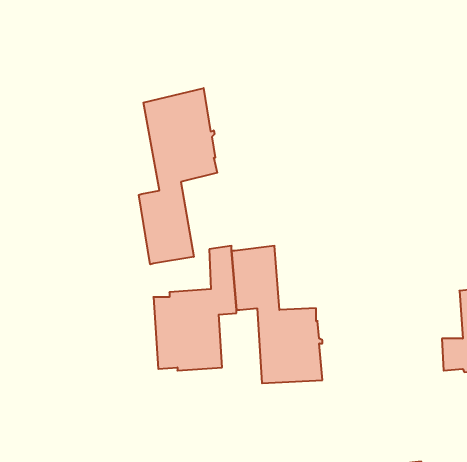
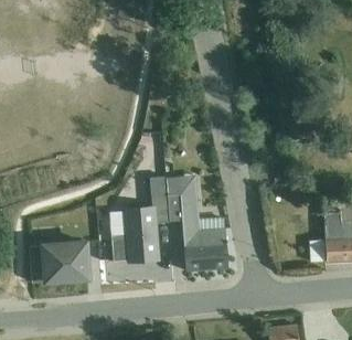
building: [139,88,217,264] -> none
building: none -> [30,240,88,283]

